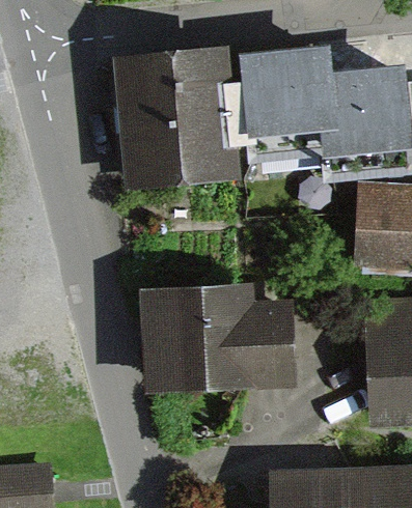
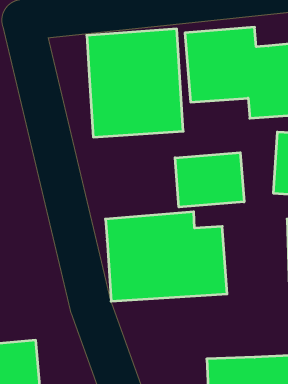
building: none -> [175,153,244,207]

